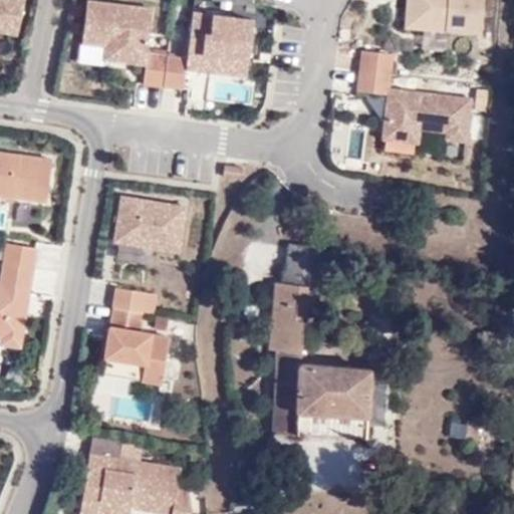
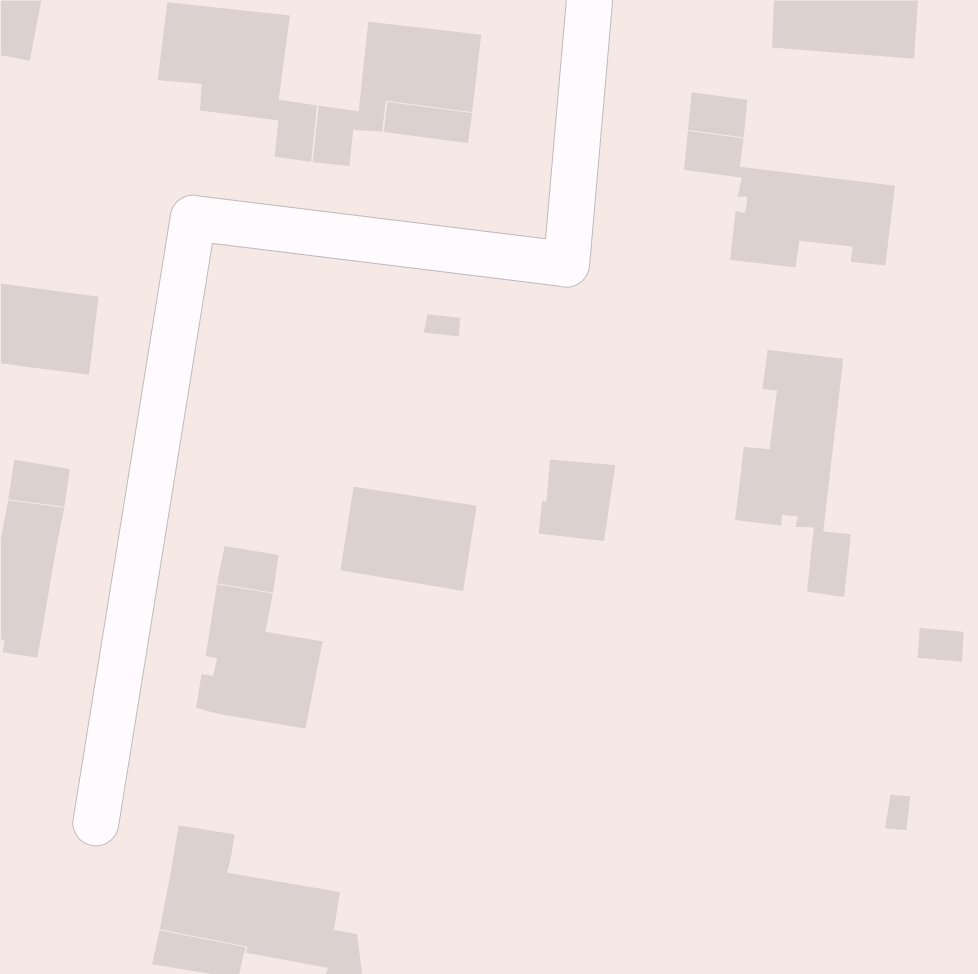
building: none -> [734,349,851,598]
building: [113,197,186,252] -> [340,486,477,591]
building: [272,290,369,436] -> none

